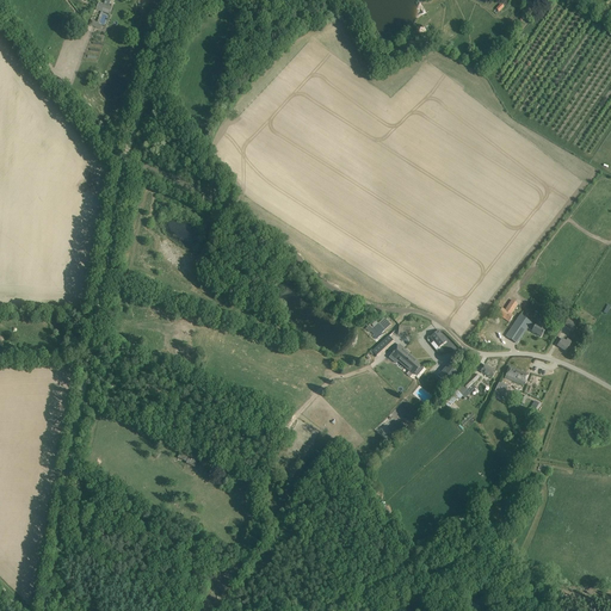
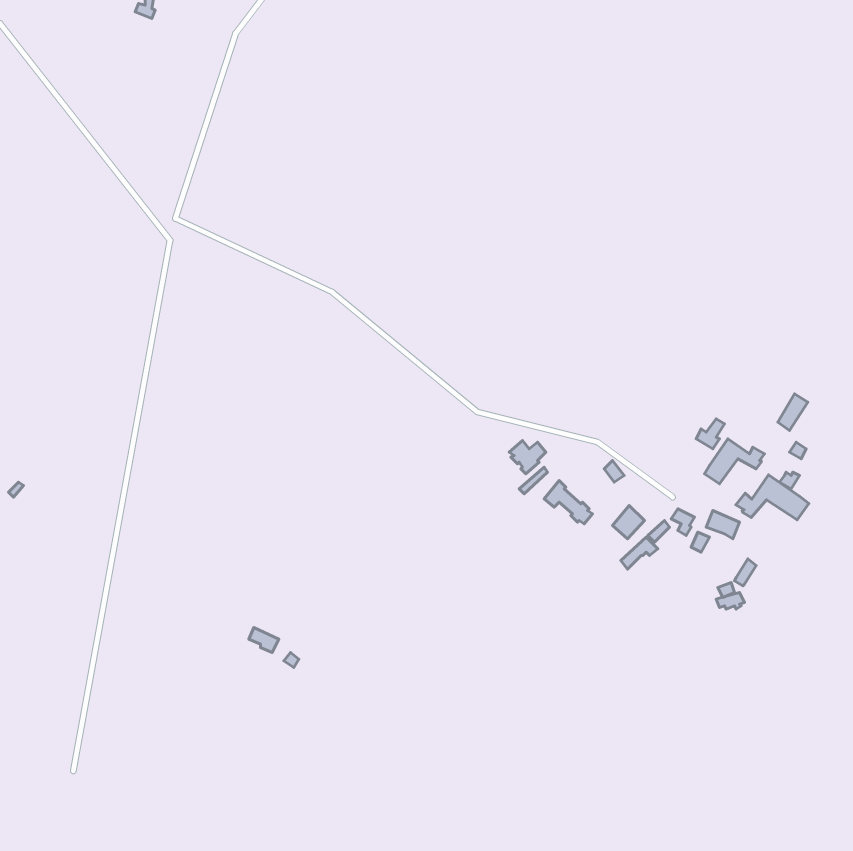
building: none -> [736,475,809,520]

